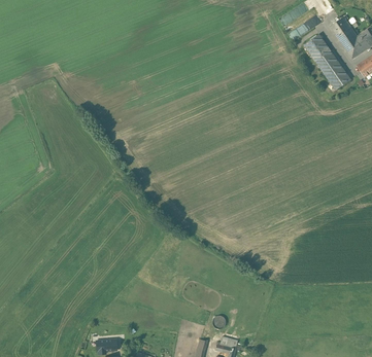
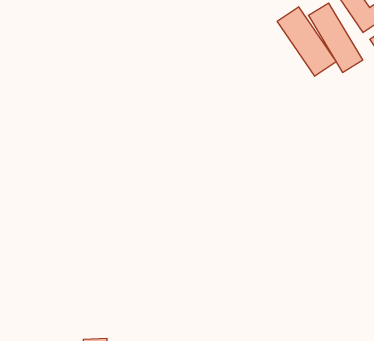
building: none -> [277,7,336,76]

